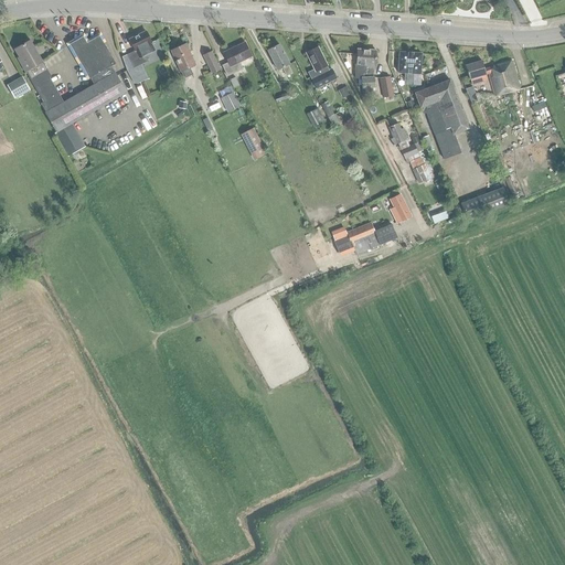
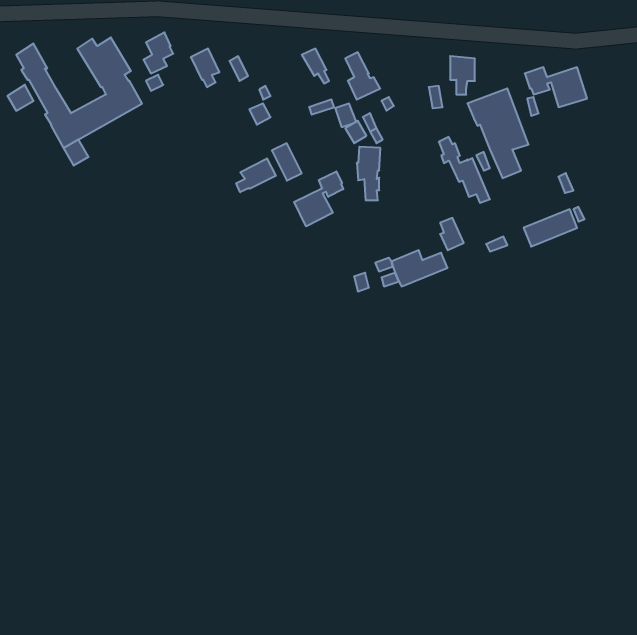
building: [222,41,250,74] -> none
building: [354,49,375,96] -> [357,147,380,200]
building: none -> [236,158,276,192]
building: none -> [294,171,343,226]

